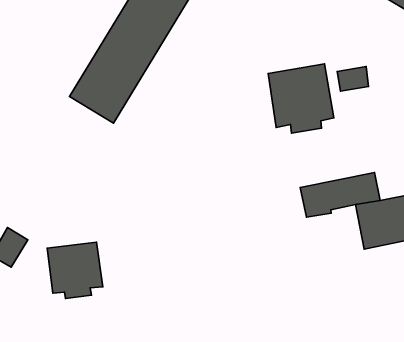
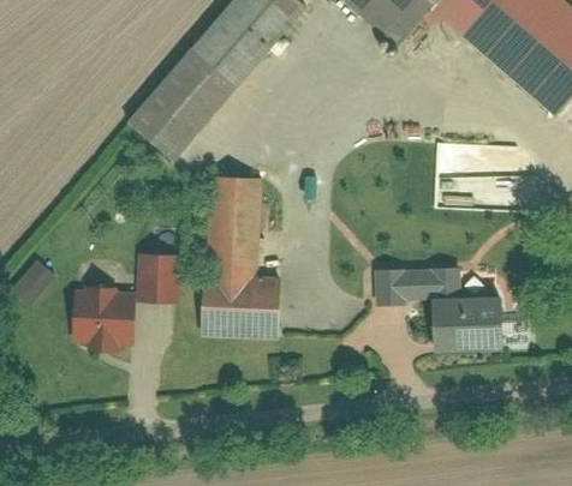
building: [268,64,334,133] -> none
building: none -> [202,176,280,336]
building: none -> [136,254,177,301]

